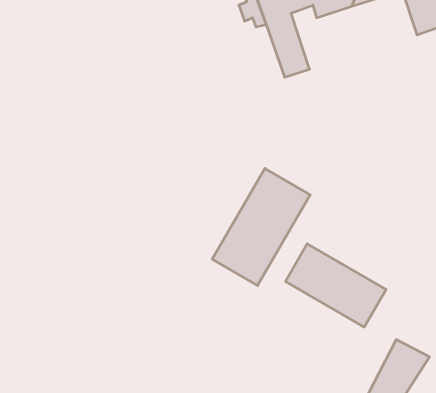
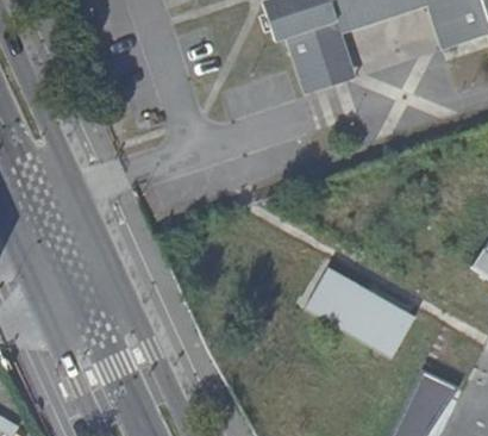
building: none -> [315,19,357,86]
building: [212,168,310,286] -> none

